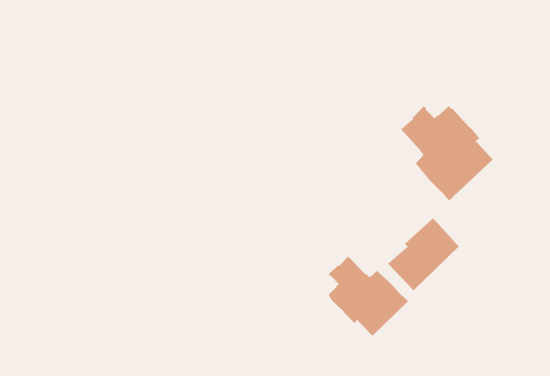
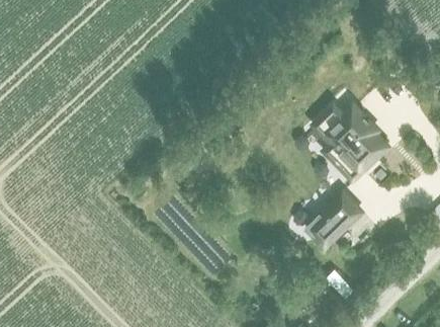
building: [328,256,409,336] -> none

